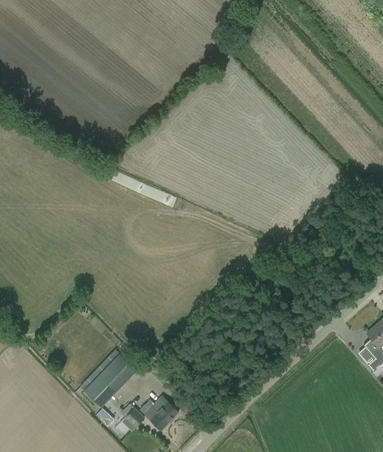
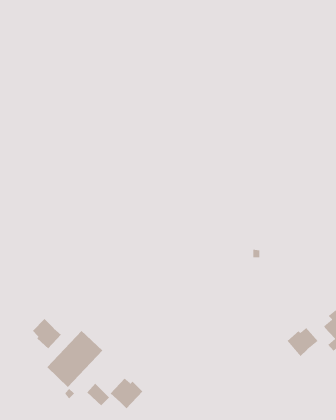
building: none -> [32,318,62,349]
building: none -> [287,327,318,357]

